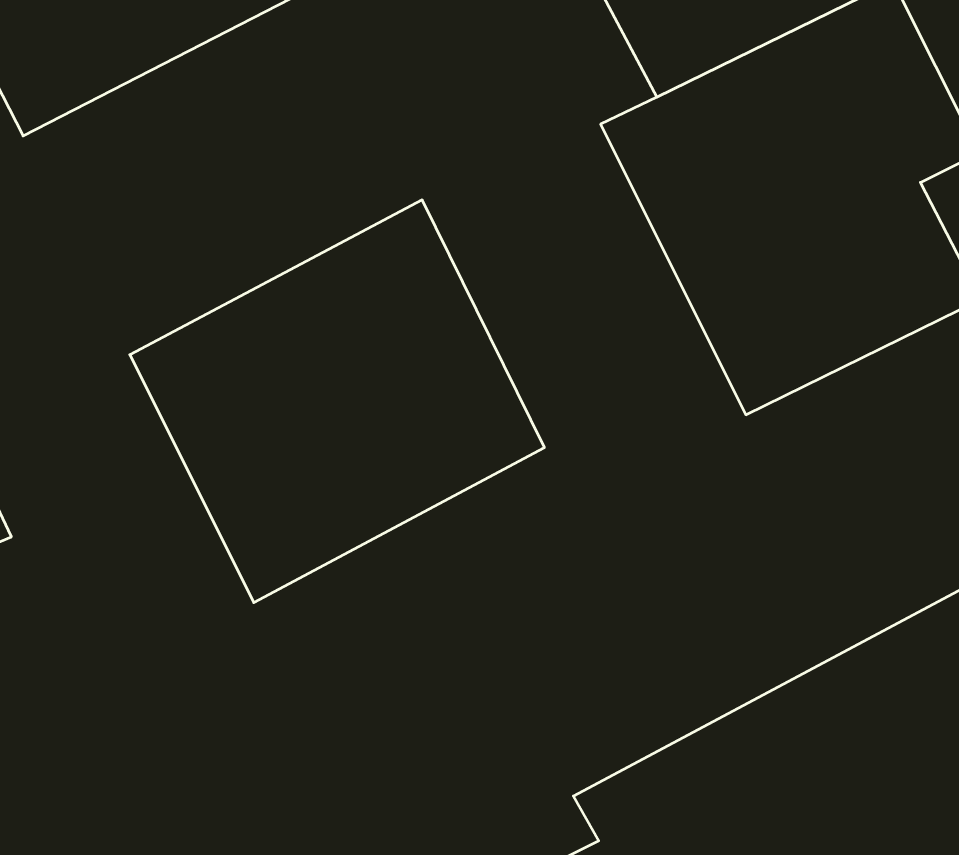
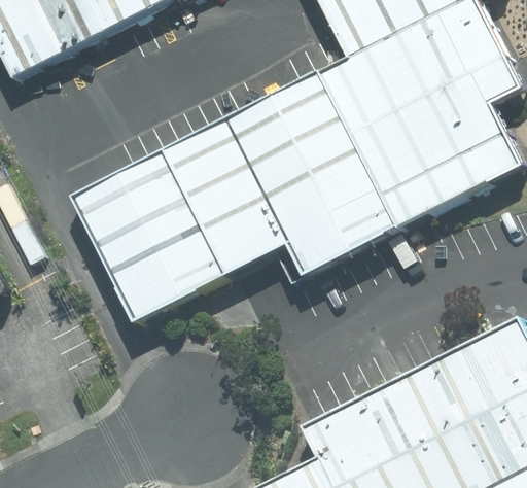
building: none -> [225,74,398,279]

